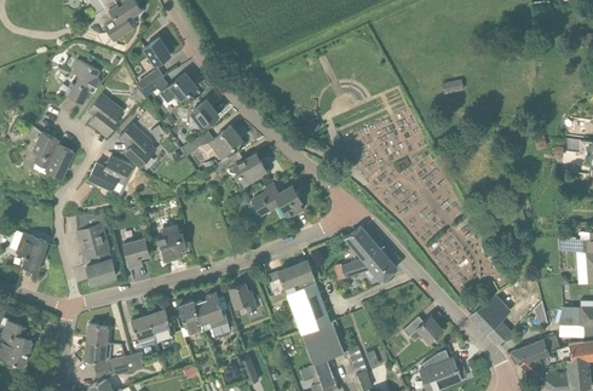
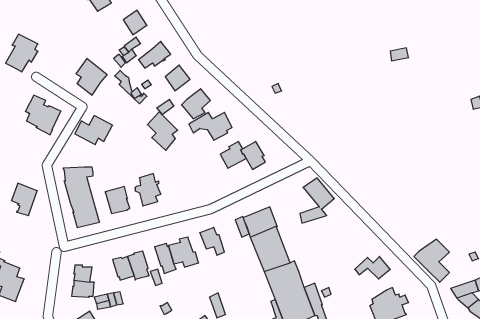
building: [64,62,100,104] -> [6,34,38,72]
building: [120,123,154,167] -> [147,112,178,150]
building: [362,251,396,282] -> none

